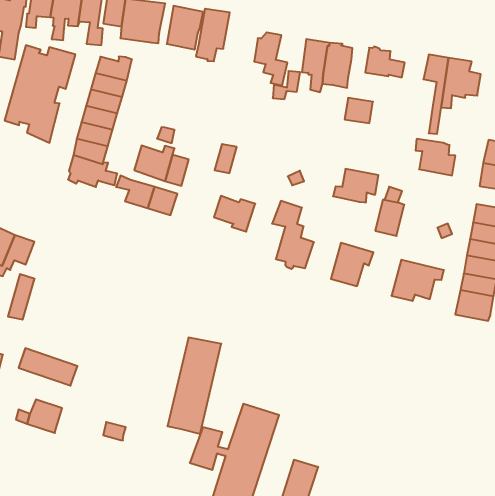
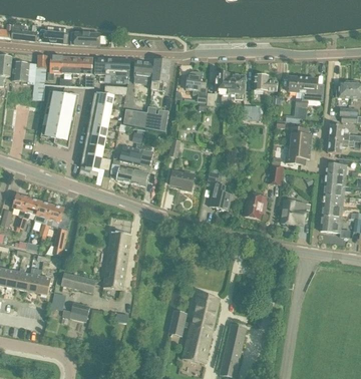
building: none -> [123,105,168,129]
building: [333,169,378,202] -> [285,144,311,163]
building: [167,338,221,434] -> [103,232,131,289]

